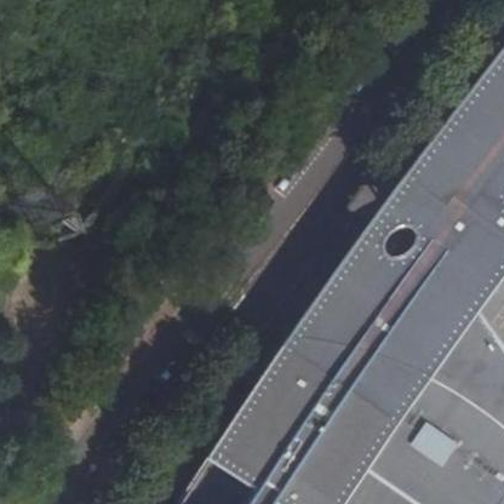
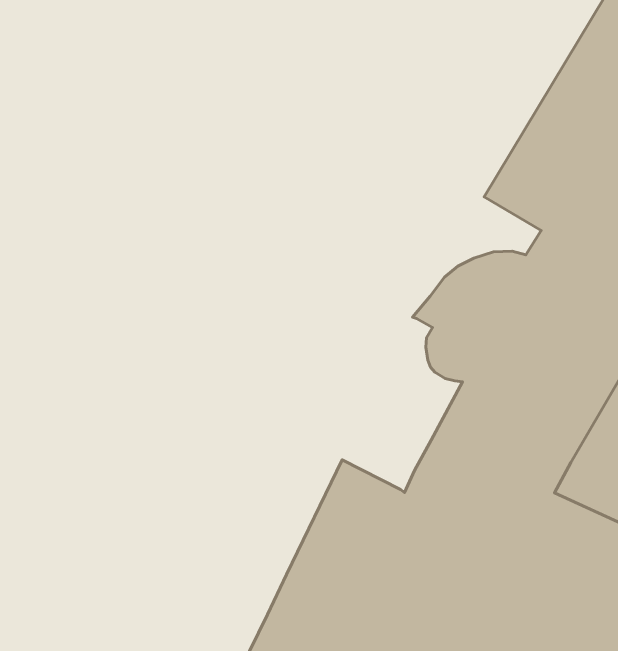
building: [343,194,420,253] -> none
building: [271,267,356,378] -> none

